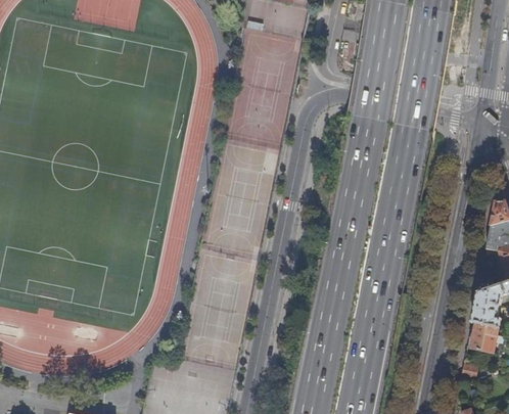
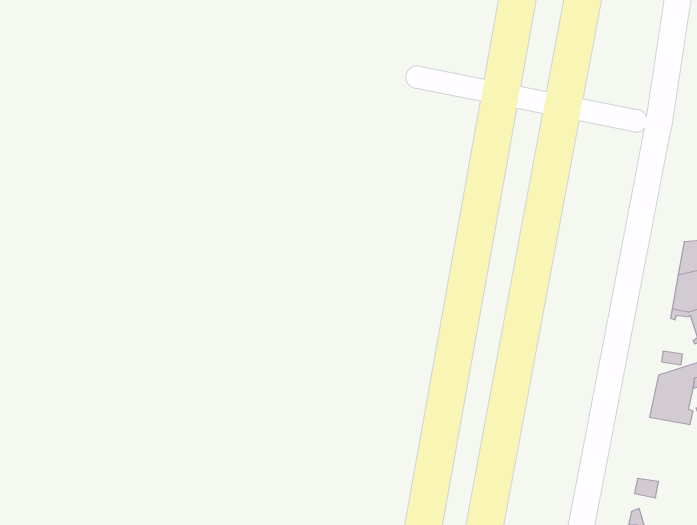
building: [468,322,498,352] -> none

